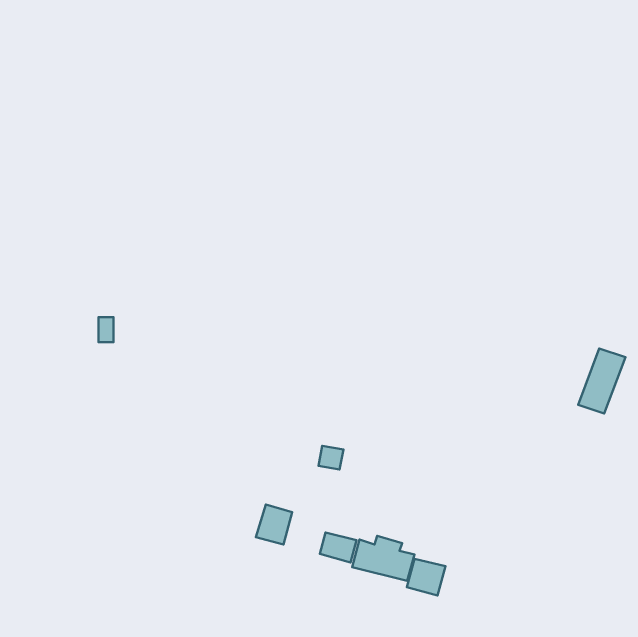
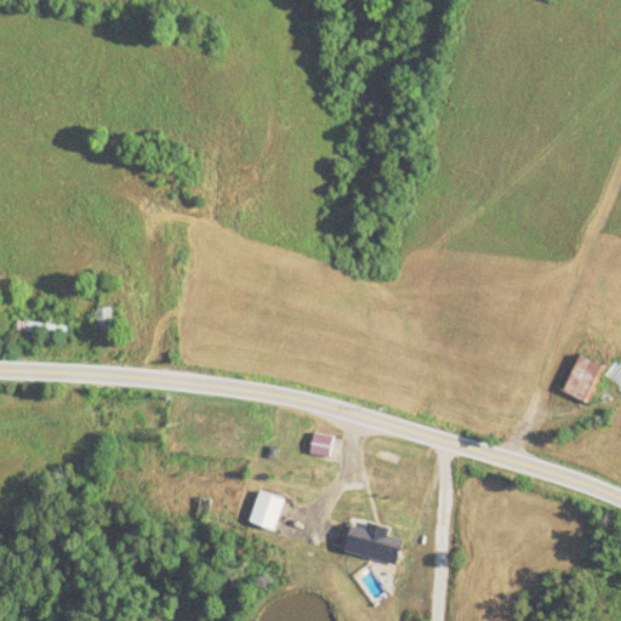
building: [320,533,356,562] -> none
building: [407,559,445,595] -> none

